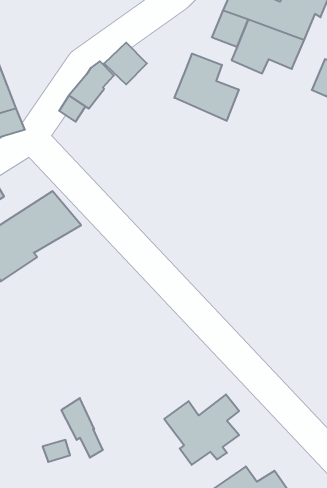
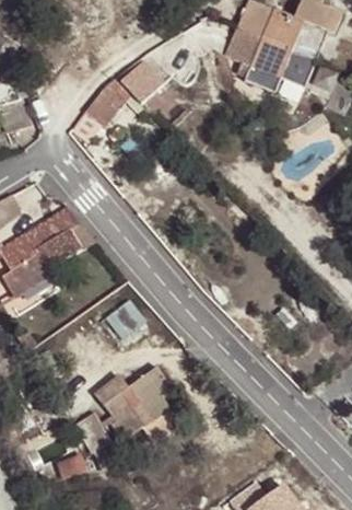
building: [174,54,239,121] -> none
building: [164,394,239,465] -> [95,369,169,439]

